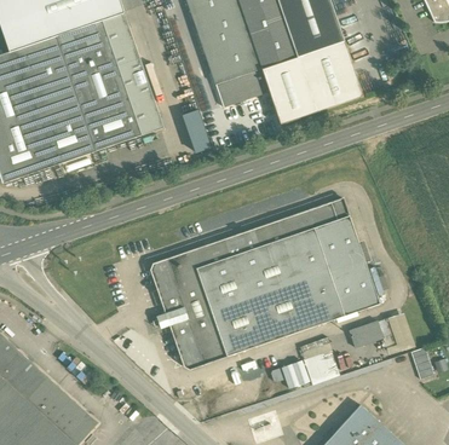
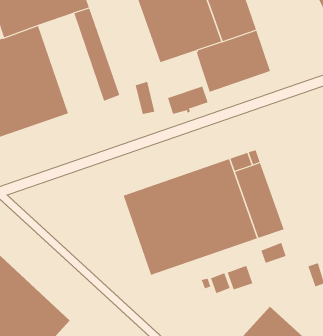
building: [56,19,142,151] -> none
building: [215,69,270,106] -> [167,86,208,114]
building: [150,259,203,369] -> none

